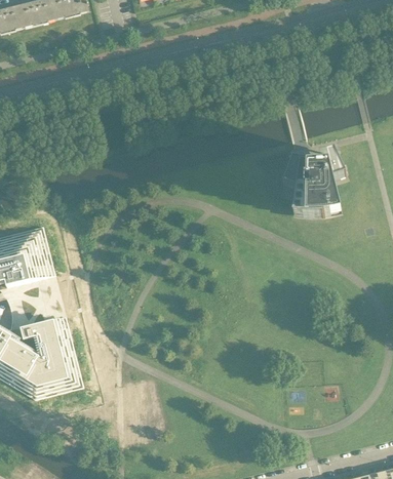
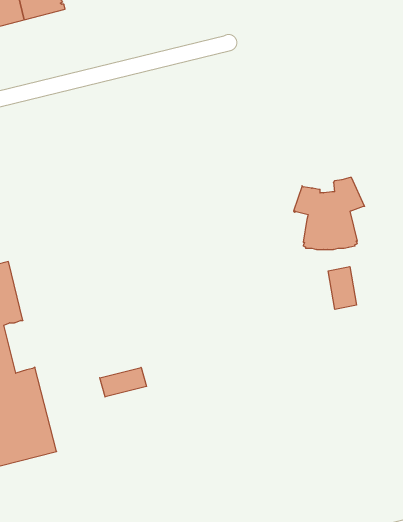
building: none -> [328,267,356,309]
building: none -> [100,367,147,397]

